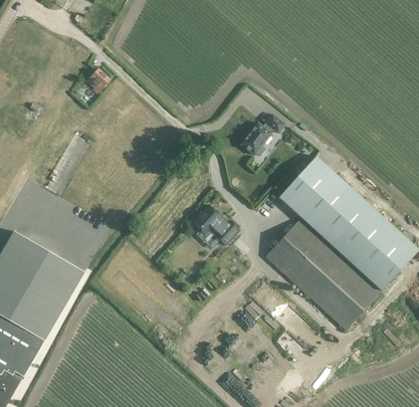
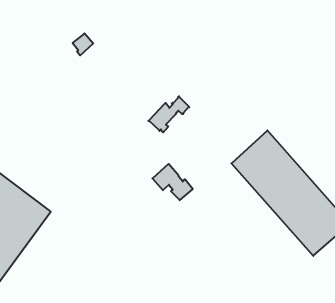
building: [241,114,285,156] -> [148,96,189,132]
building: [265,218,381,330] -> none

